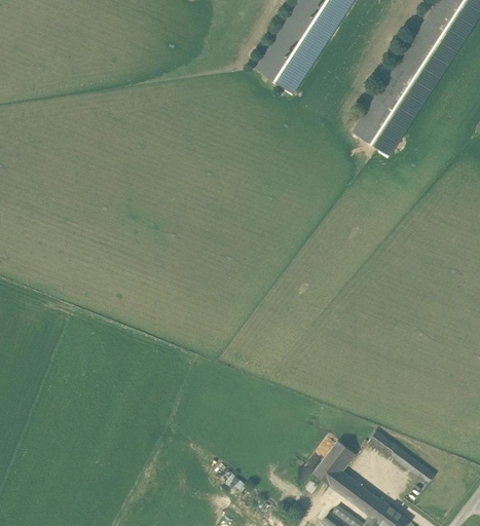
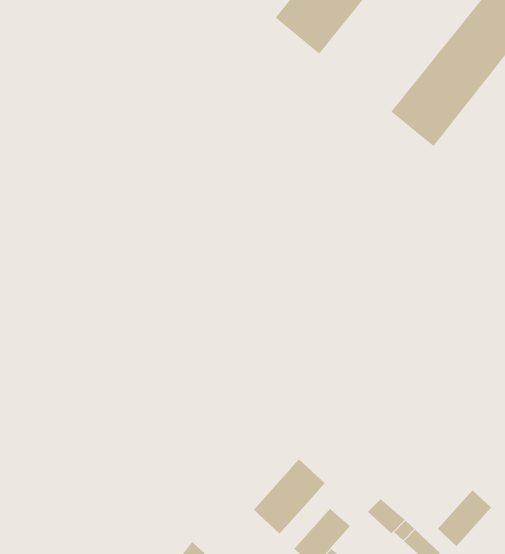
building: none -> [253,459,326,534]
building: none -> [437,489,492,547]

